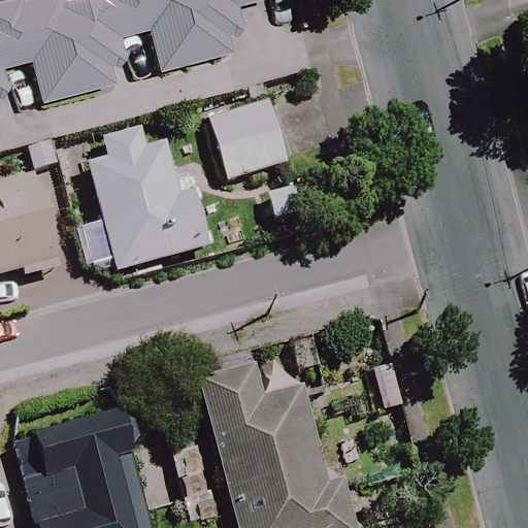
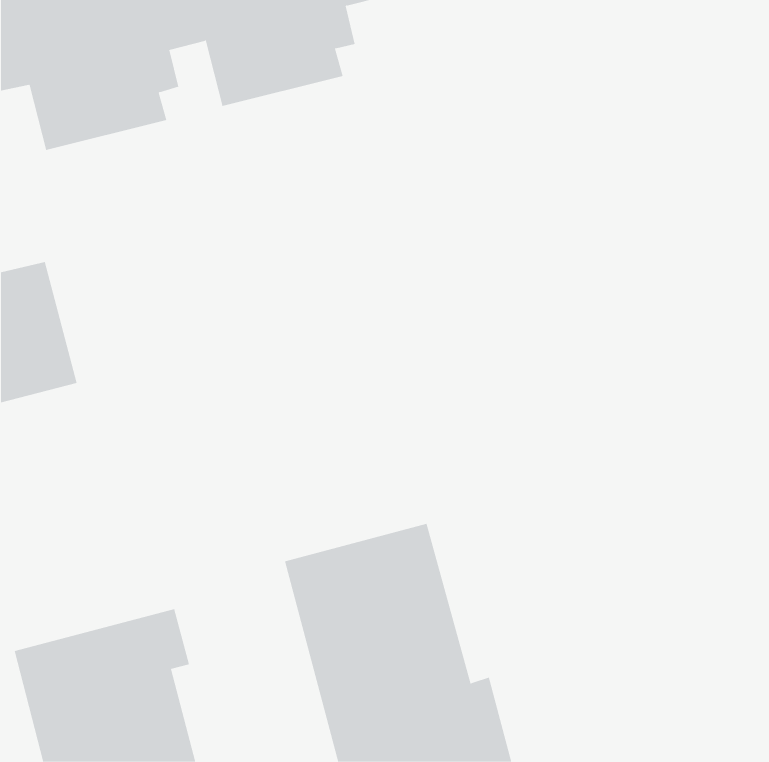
building: [206,96,290,184] -> none
building: [87,129,211,272] -> none

